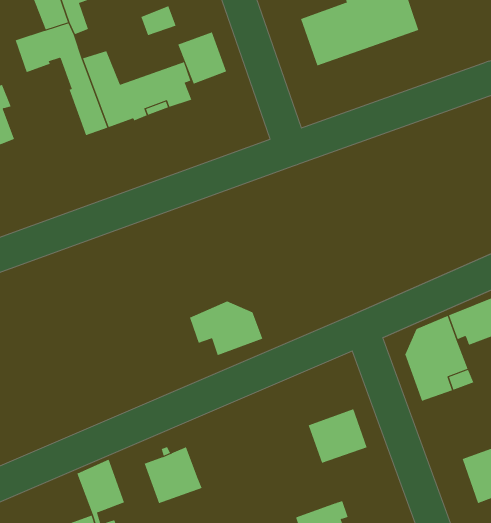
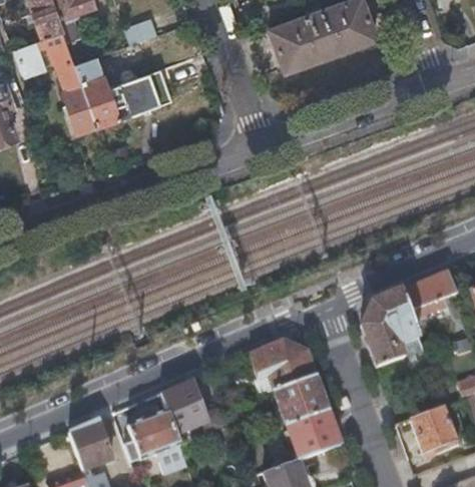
building: [177,31,227,85] -> none
building: [189,301,263,356] -> [251,341,317,390]
building: none -> [162,380,209,436]
building: none -> [288,410,342,459]

